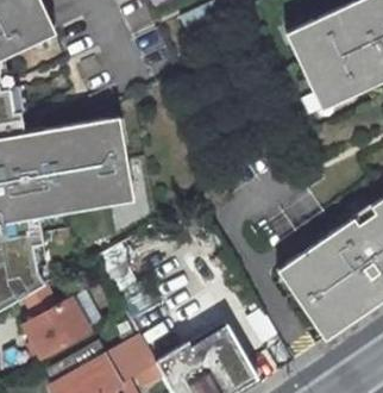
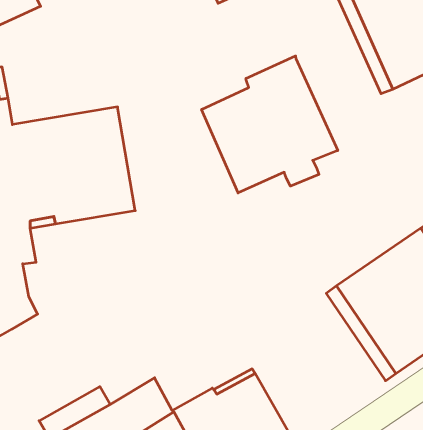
building: none -> [202,56,338,193]
building: [25,286,90,360] -> none

